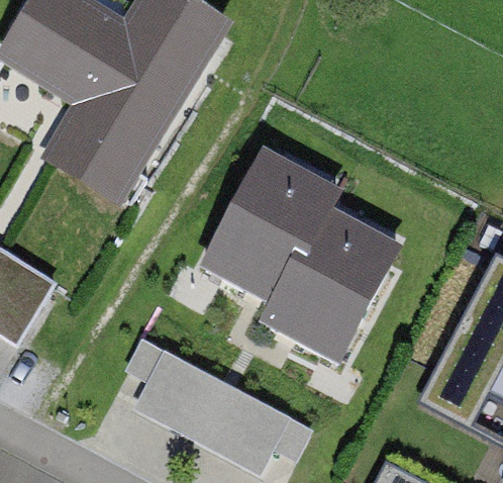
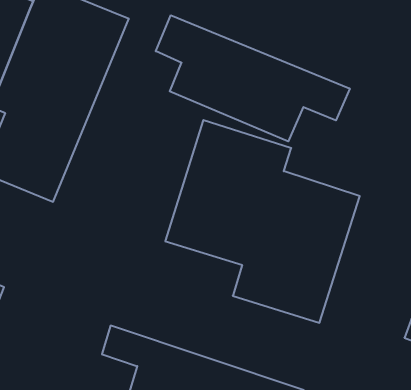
building: none -> [156,15,350,141]

